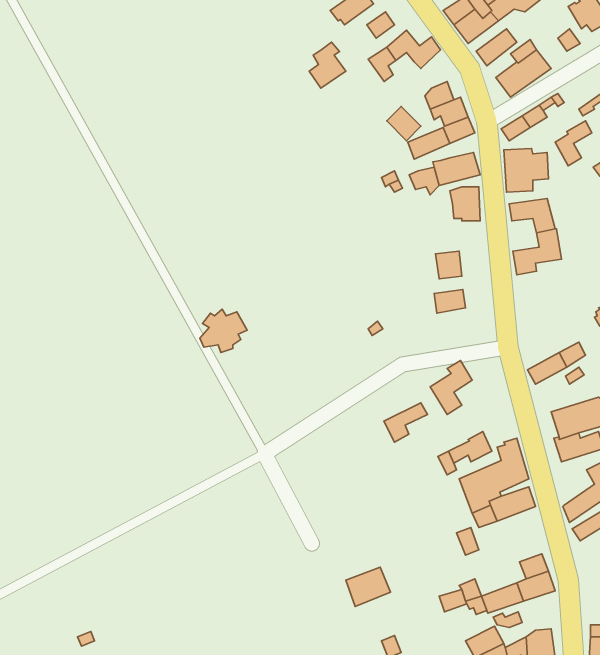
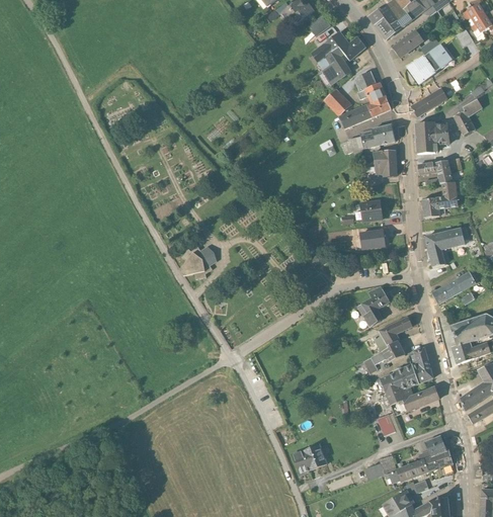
building: [309,42,346,88] -> [322,48,350,83]
building: none -> [425,229,464,266]
building: [384,403,427,442] -> [379,315,412,345]

